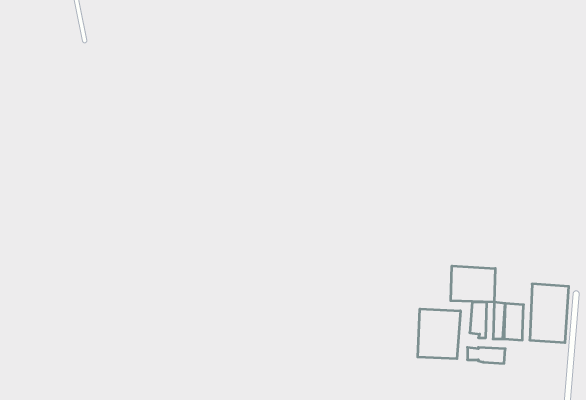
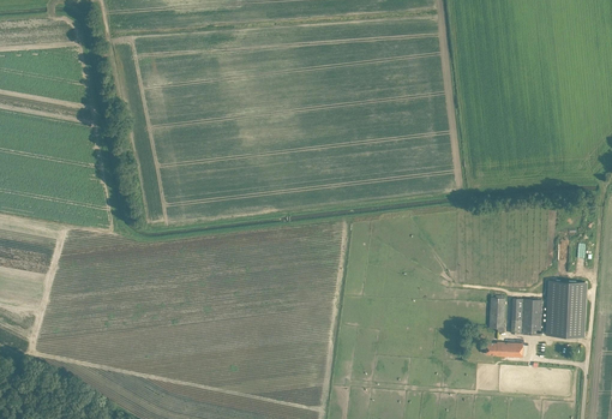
building: [451,266,495,302] -> none
building: [418,309,460,359] -> none

